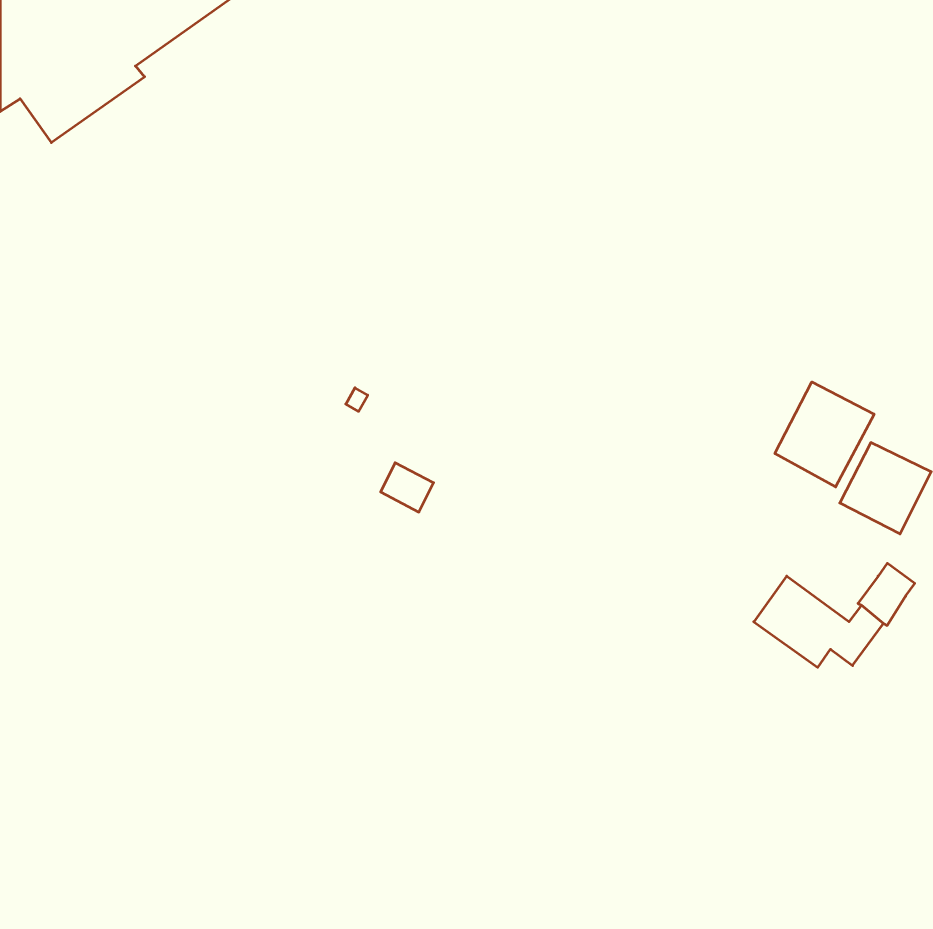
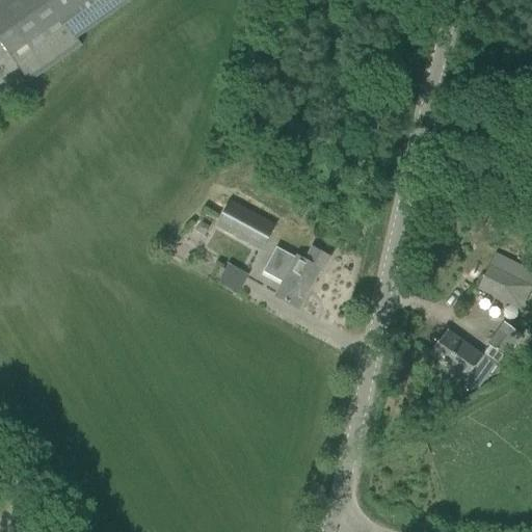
building: none -> [216,202,274,251]
building: [775,382,874,487] -> none
building: none -> [264,245,330,308]

